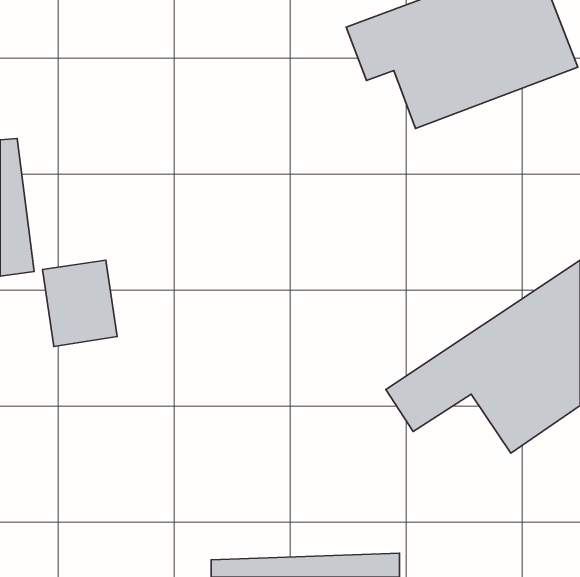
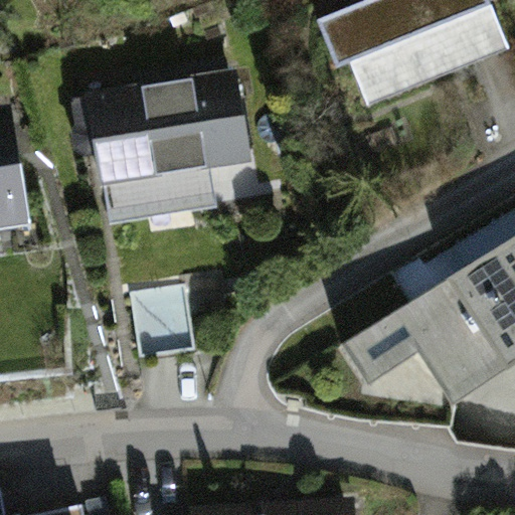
building: none -> [84,79,253,193]
building: [42,260,117,347] -> [131,279,197,355]

